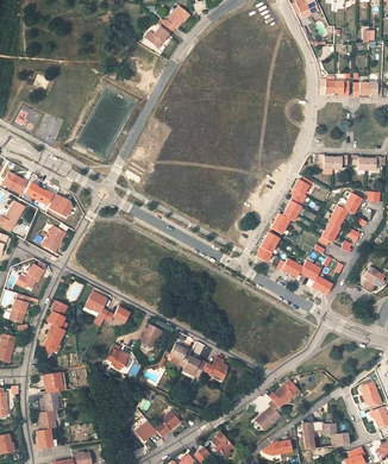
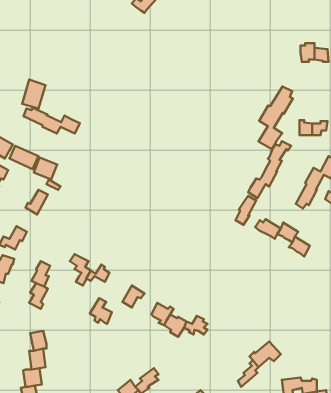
building: none -> [259,86,293,149]
building: none -> [24,108,80,134]

